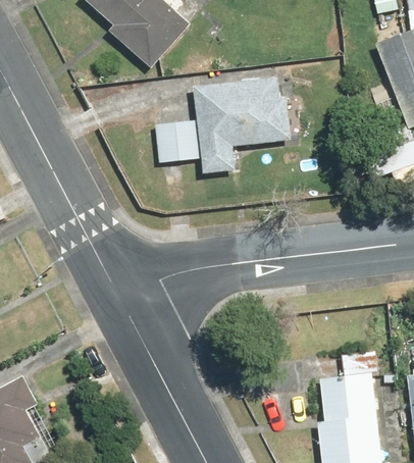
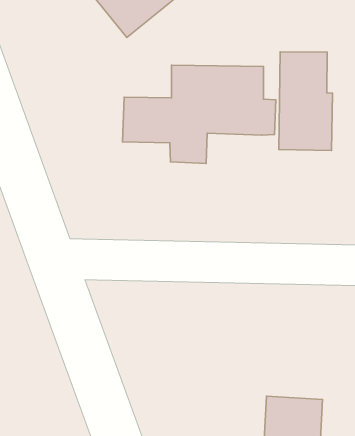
building: none -> [279,52,333,150]

